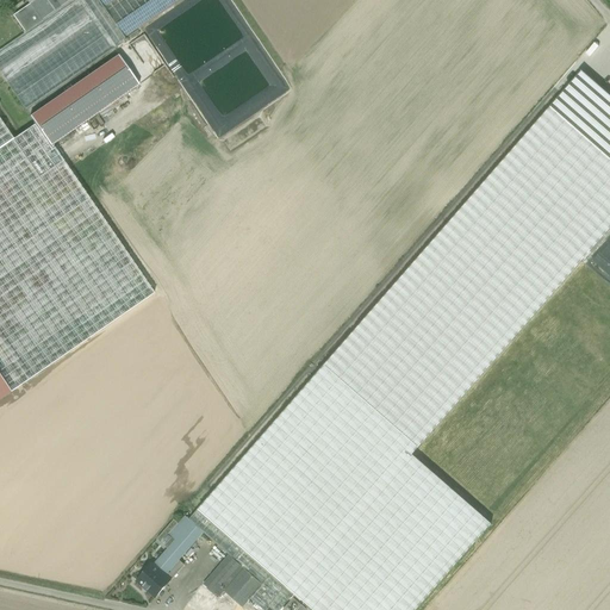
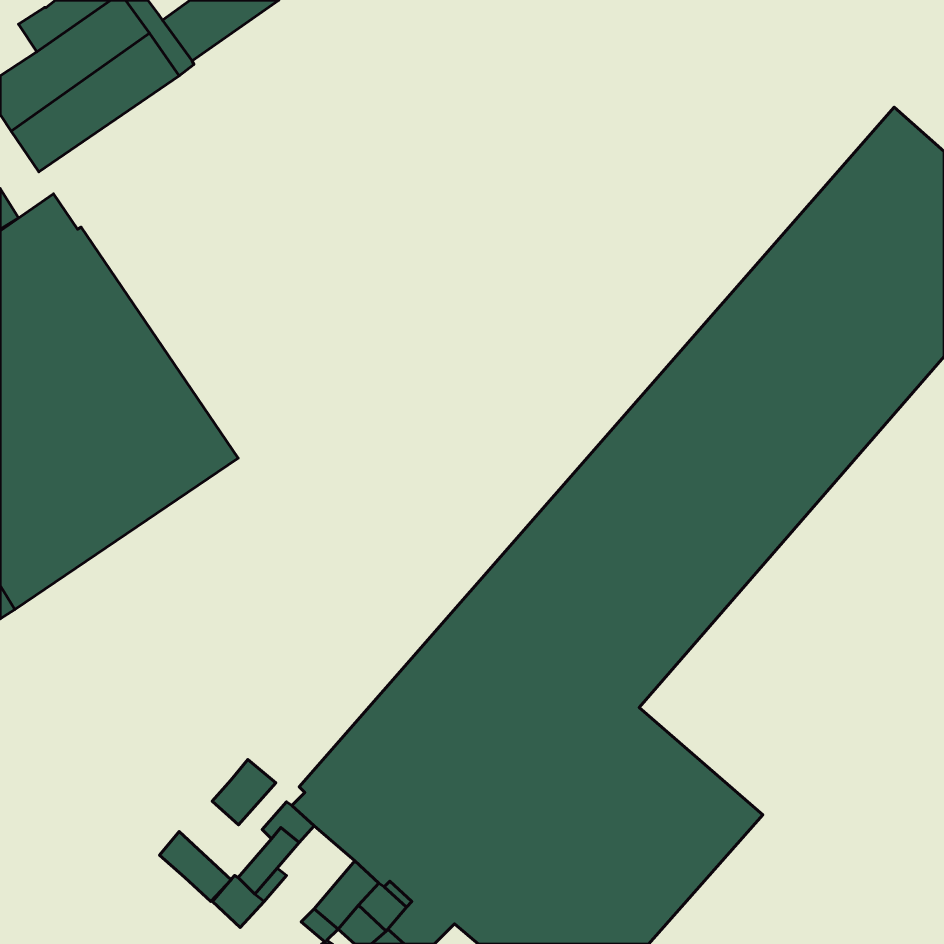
building: [30,56,138,148] -> none
building: none -> [212,759,276,825]
building: none -> [159,832,231,901]

